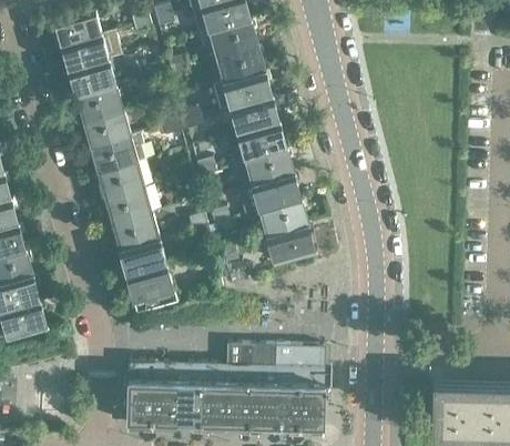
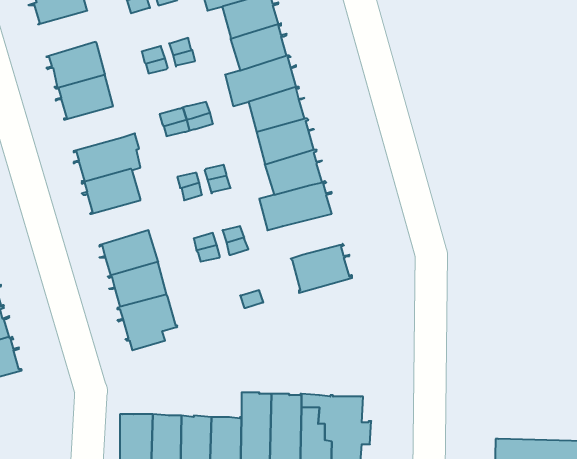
building: [62,36,123,77] -> none
building: [83,116,131,153] -> none
building: [105,193,152,230] -> none
building: [261,203,307,241] -> none

